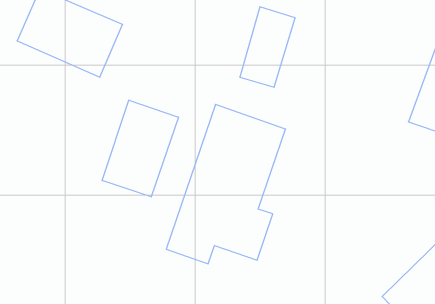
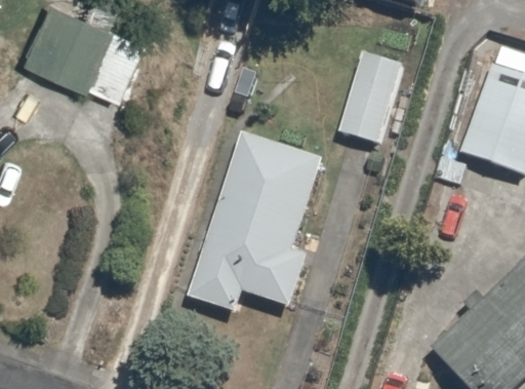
building: [240,7,295,87] -> [339,51,402,142]
building: [102,100,179,197] -> none

